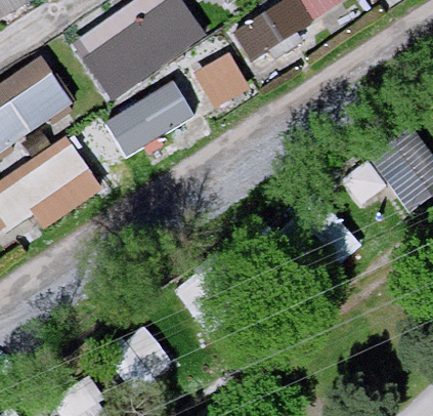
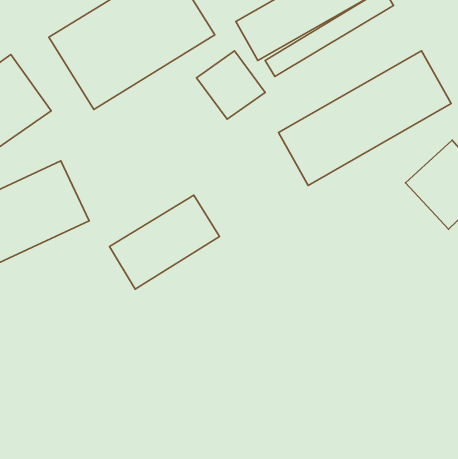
building: none -> [278,51,451,185]
building: [103,80,196,159] -> [110,195,220,289]

